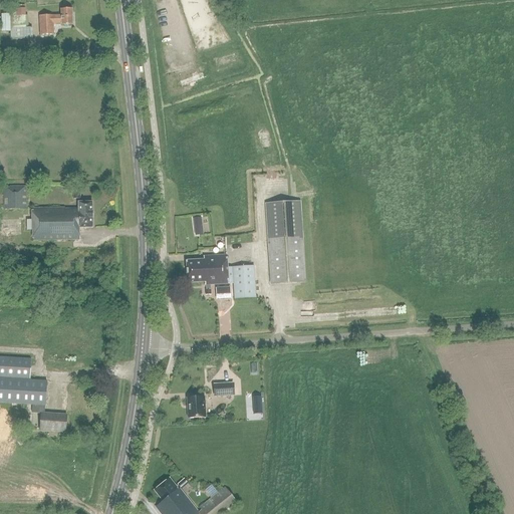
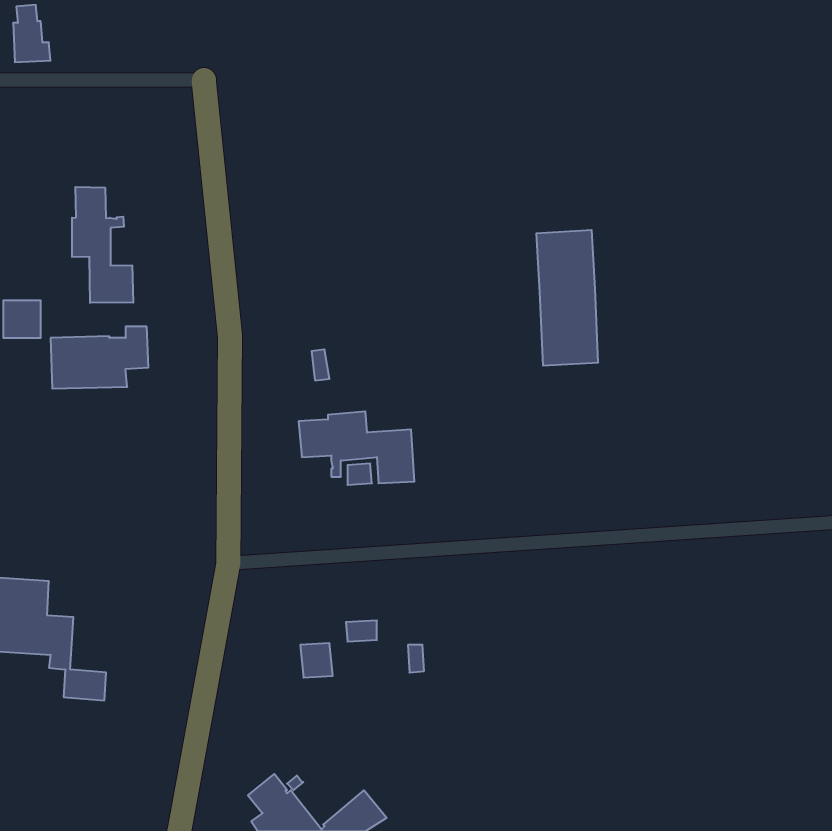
building: [38,7,71,33] -> none
building: none -> [72,187,133,303]
building: [265,200,303,283] -> [536,230,598,366]

